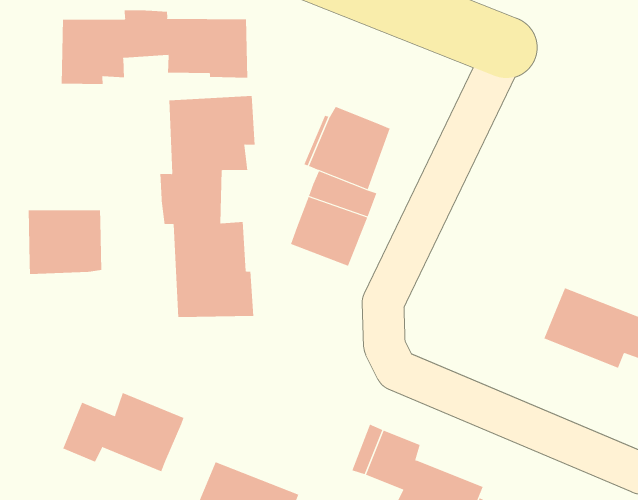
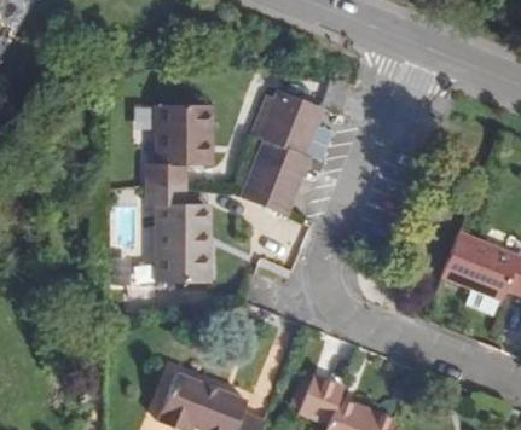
building: [61,9,248,85] -> none
building: [28,209,102,275] -> none
building: [62,392,184,472] -> none

